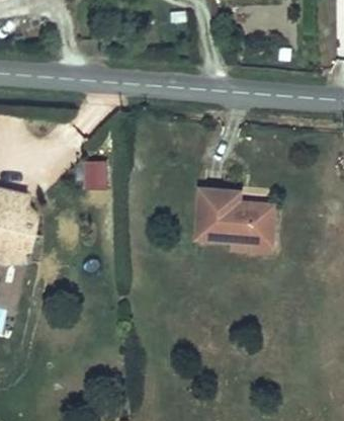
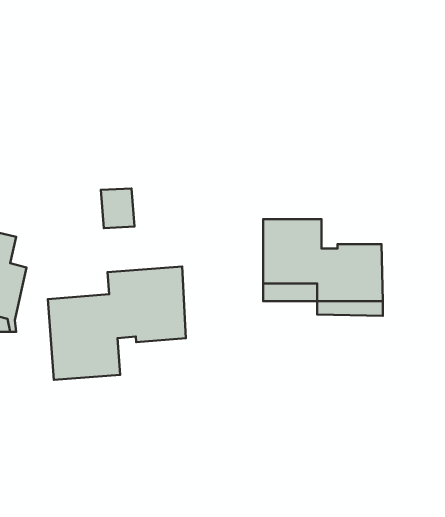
building: none -> [48,267,186,380]

